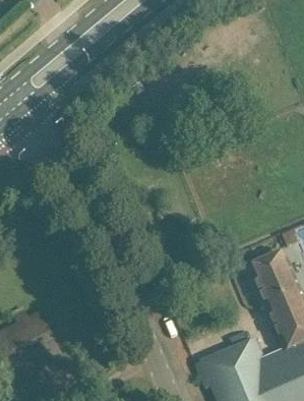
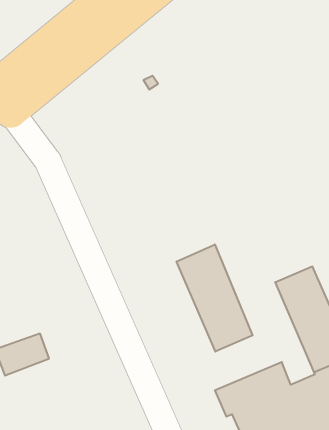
building: none -> [177,244,253,352]

